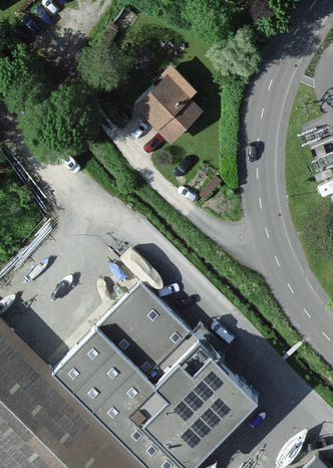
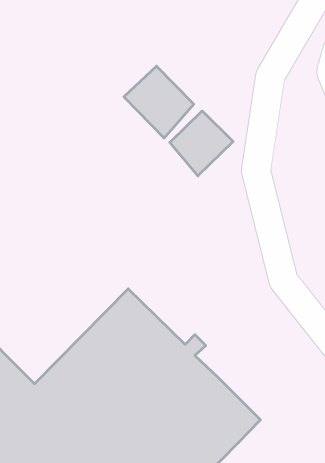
building: none -> [170,111,233,176]

